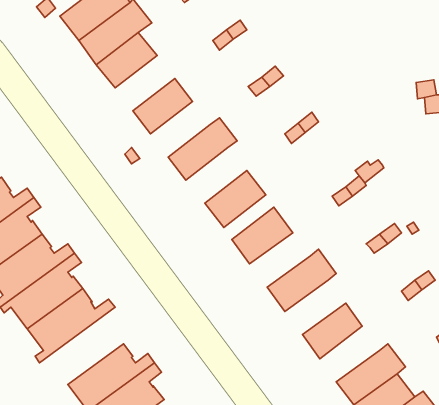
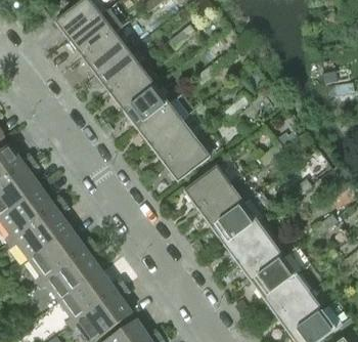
building: none -> [96,51,141,93]
building: none -> [123,86,168,128]
building: none -> [149,121,195,163]
building: none -> [197,185,243,226]
building: none -> [224,221,270,262]
building: none -> [39,242,102,300]
building: none -> [251,256,296,298]

